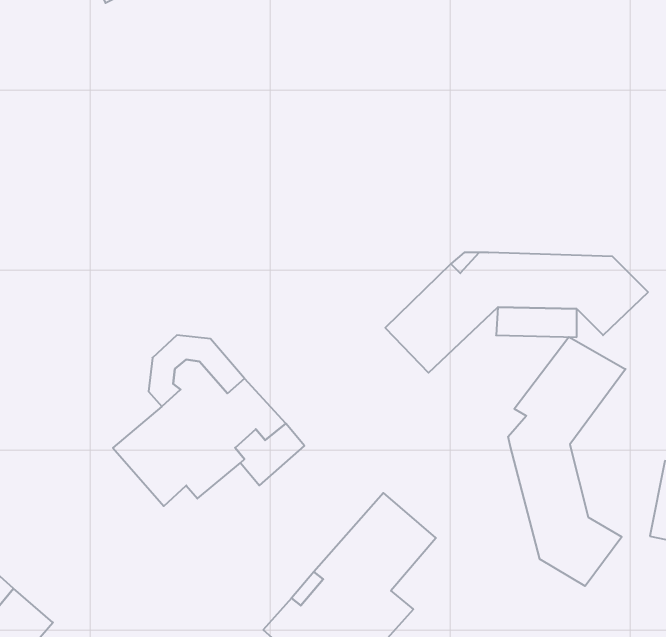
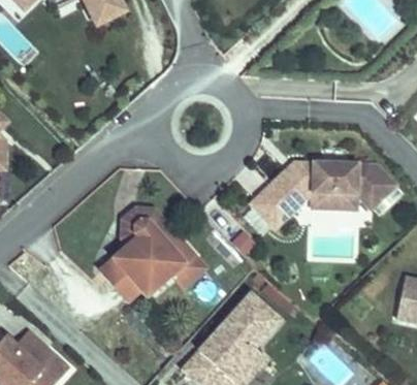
building: [508,337,626,586] -> none

